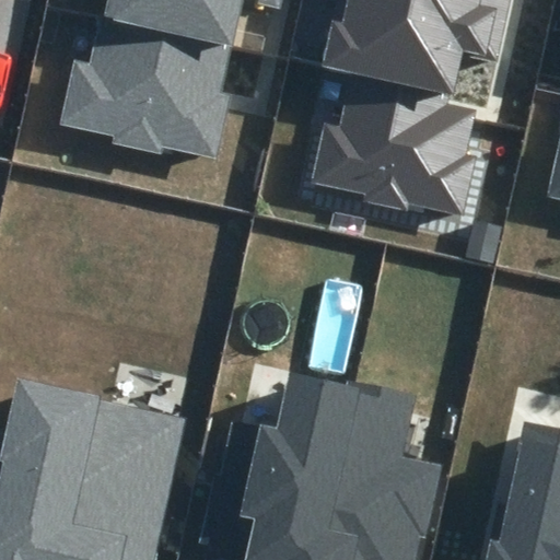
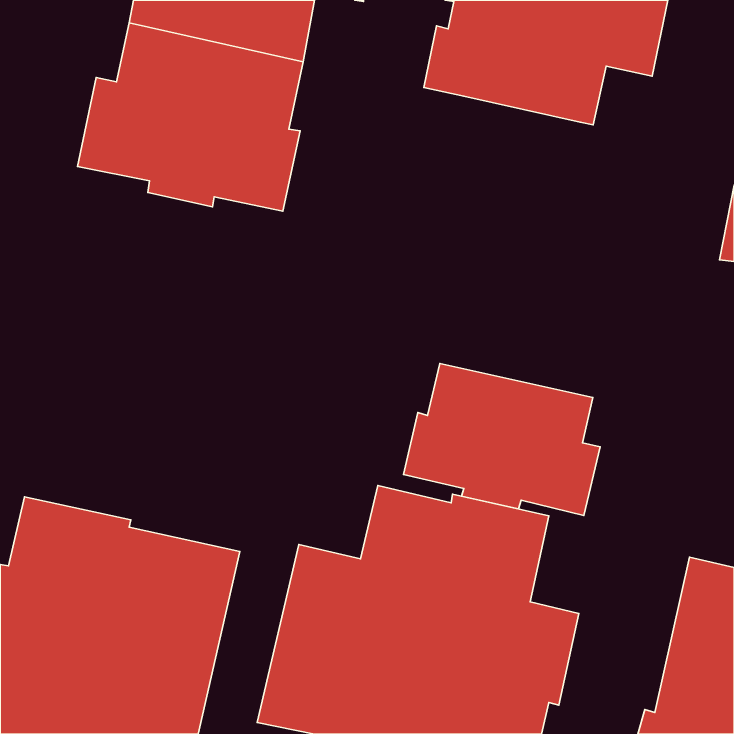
building: [314,73,478,217] -> none
building: none -> [404,364,600,515]

